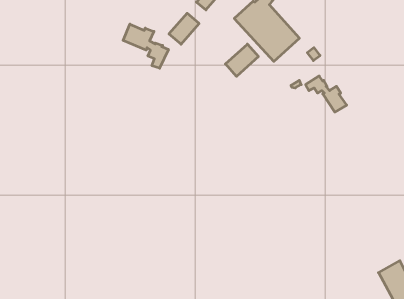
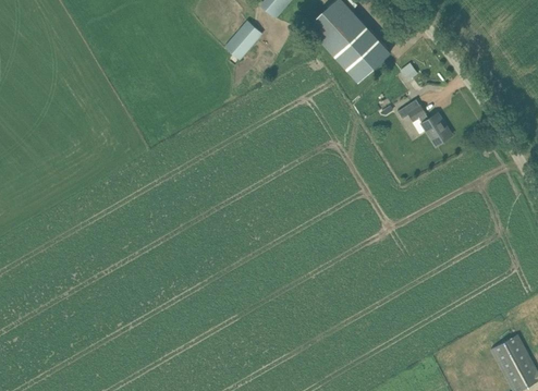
building: [123,24,168,68] -> none
building: [225,44,258,76] -> none

